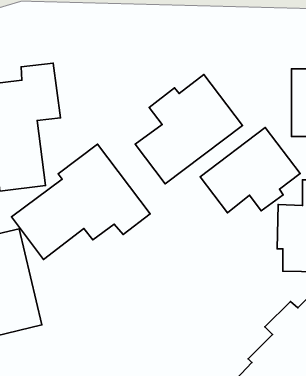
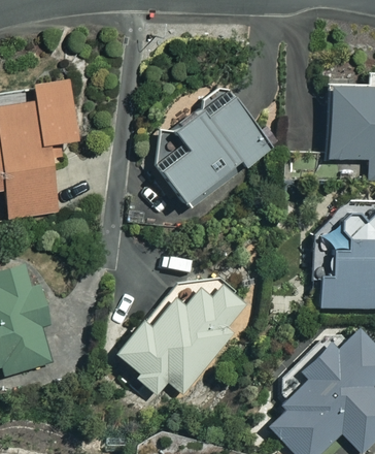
building: [200,127,300,213] -> none
building: [12,144,150,259] -> none
building: none -> [114,283,245,397]

